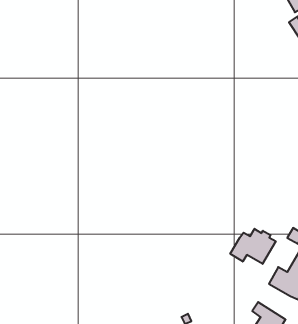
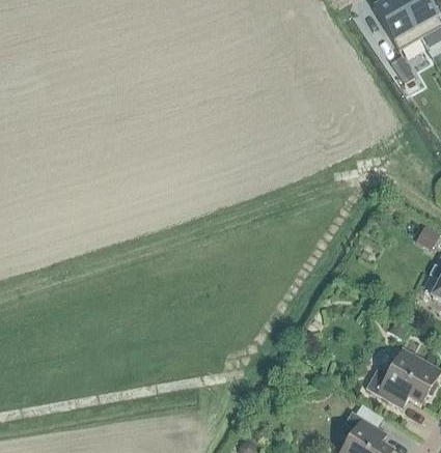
building: [230,229,276,264] -> none

